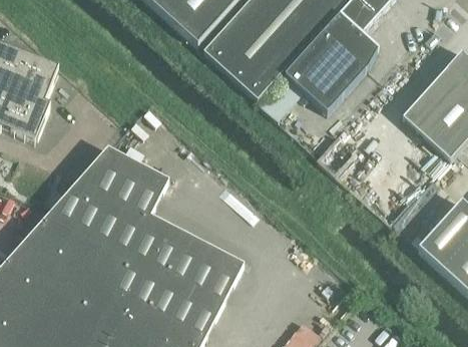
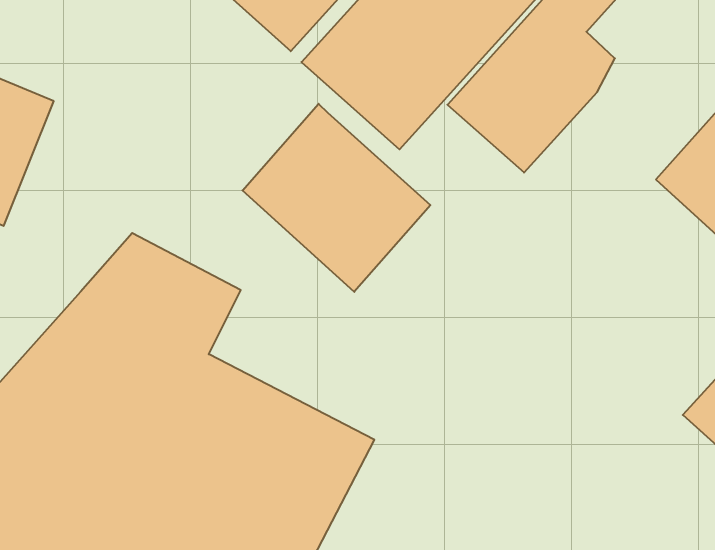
building: none -> [242,104,430,292]

